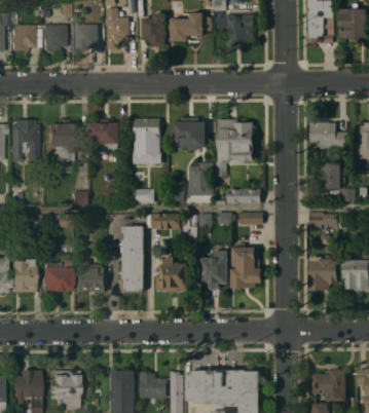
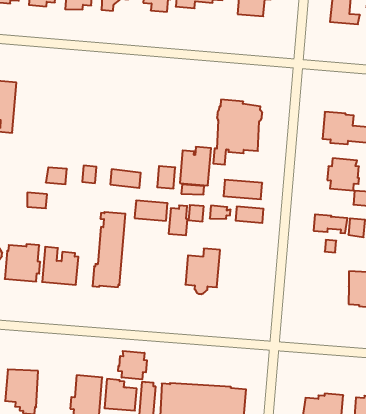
building: [174,117,206,150] -> none
building: [47,118,77,161] -> none
building: [89,118,119,149] -> none
building: [133,118,160,164] -> none
building: [231,242,262,290] -> none
building: [155,257,187,291] -> none
building: [308,257,338,290] -> none
building: none -> [118,351,147,379]

